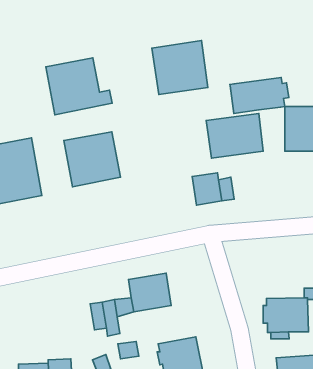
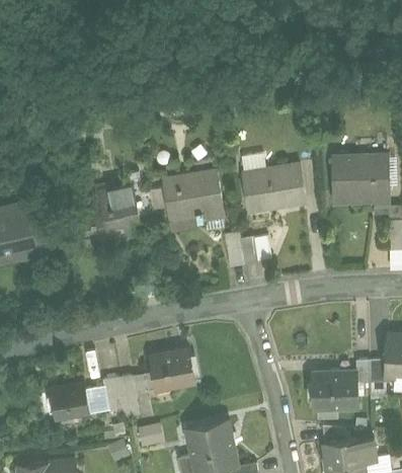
building: [152,40,208,95] -> [158,165,223,228]
building: [46,58,112,115] -> none
building: [230,78,289,113] -> none
building: none -> [49,383,92,420]

